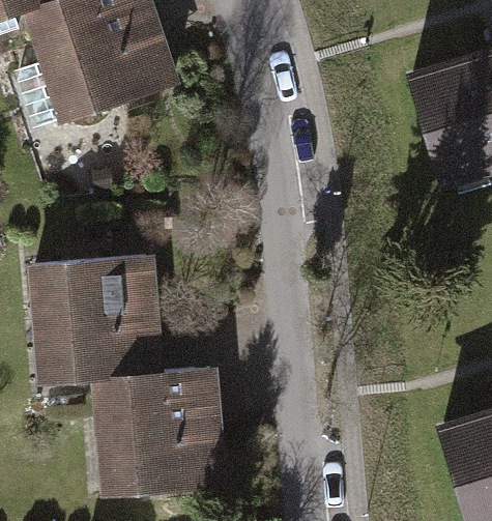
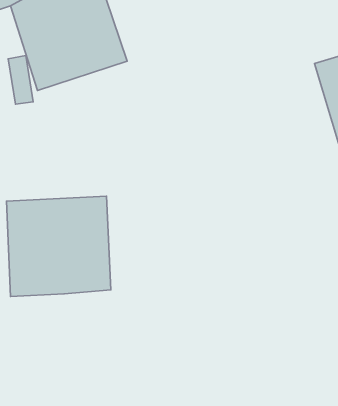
building: [95,368,224,481] -> none

